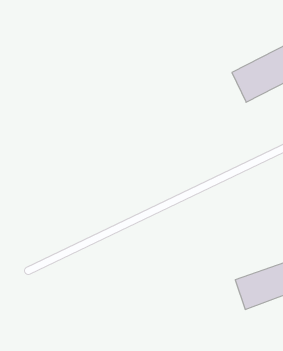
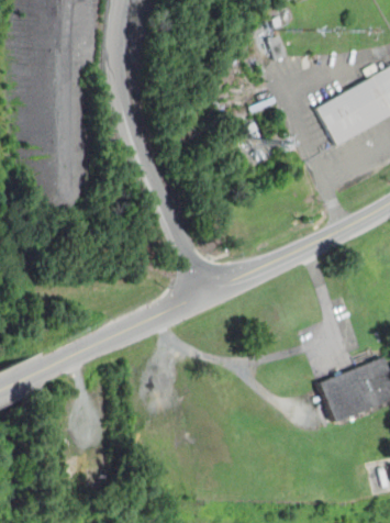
building: none -> [237,122,271,165]

